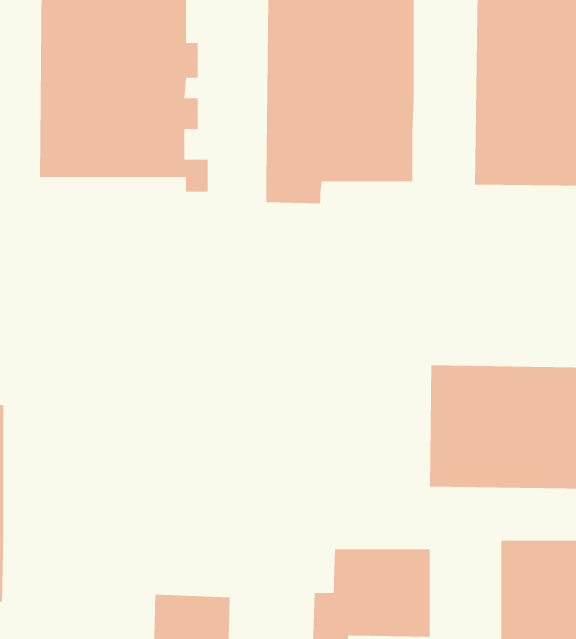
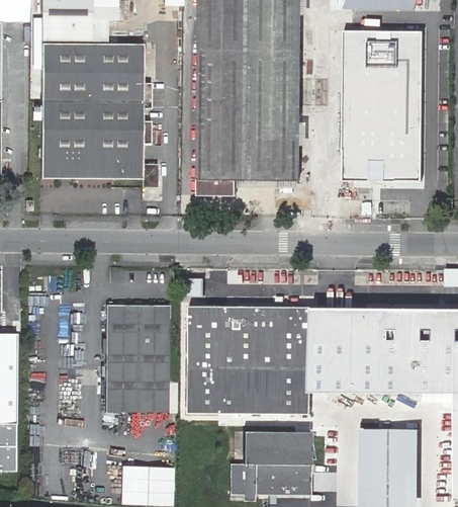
building: none -> [105,306,169,413]
building: none -> [188,306,311,414]

